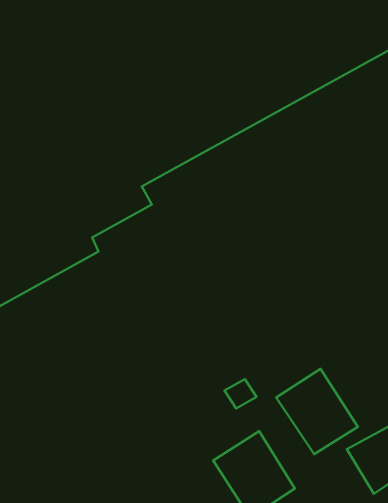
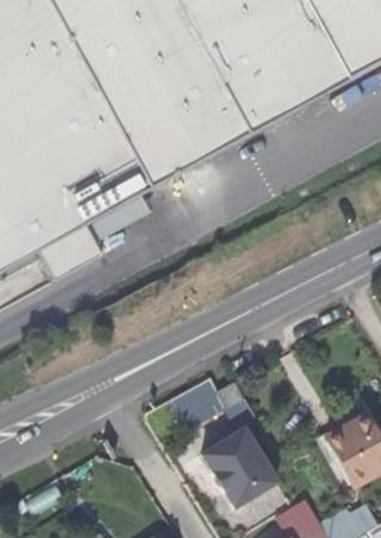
building: [276,369,358,454] -> none

